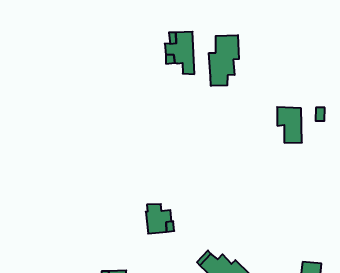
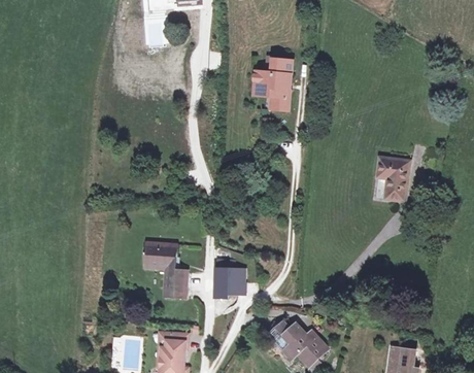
building: [209,35,239,86] -> none
building: none -> [144,240,180,297]

